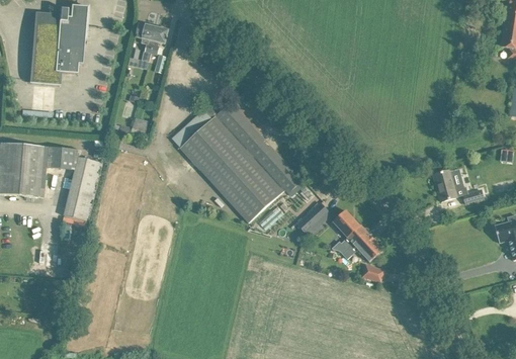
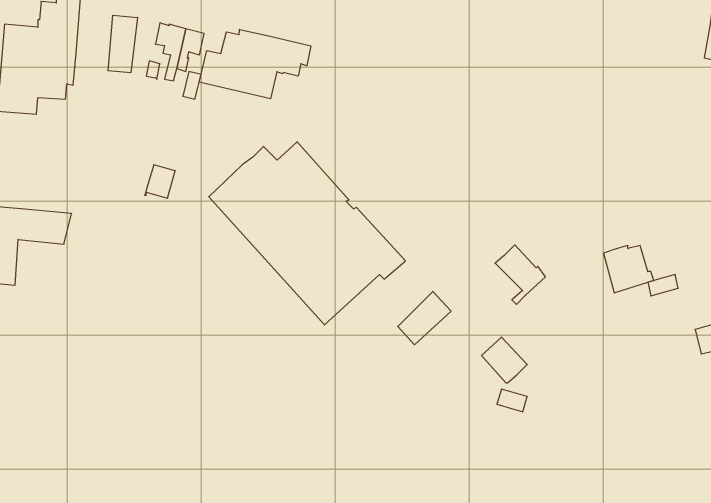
building: none -> [108,15,138,73]
building: none -> [199,29,311,99]
building: [64,158,101,222] -> none
building: [332,210,365,250] -> [495,245,545,304]

